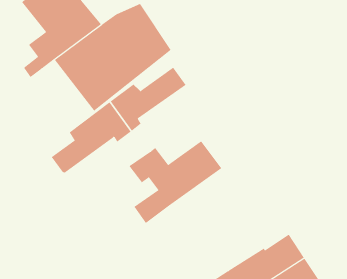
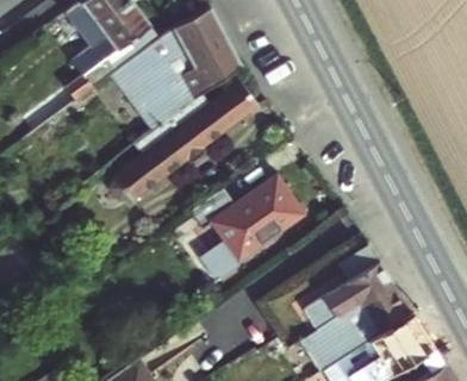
building: none -> [299,250,386,333]

